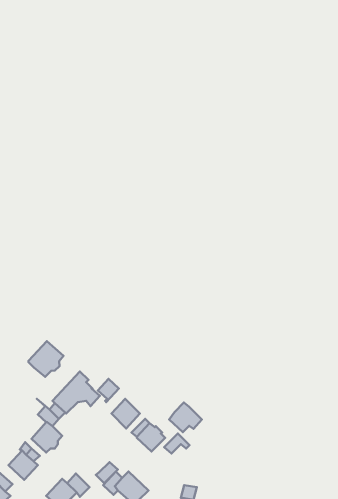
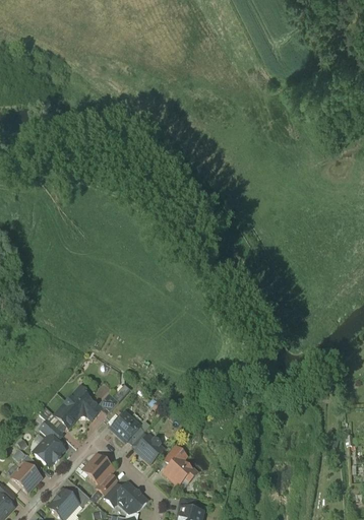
building: [29,341,64,377] -> none
building: [169,403,202,432] -> [164,456,195,484]
building: none -> [82,454,113,483]

